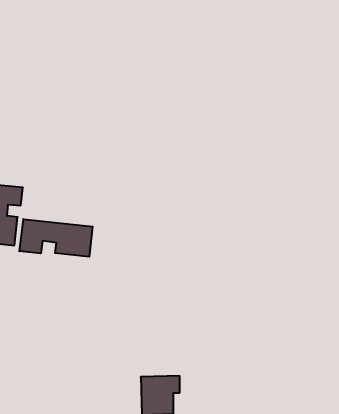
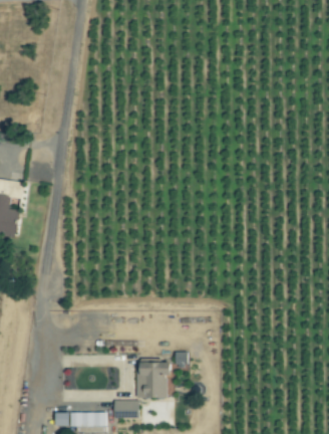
building: [19,219,93,257] -> none

